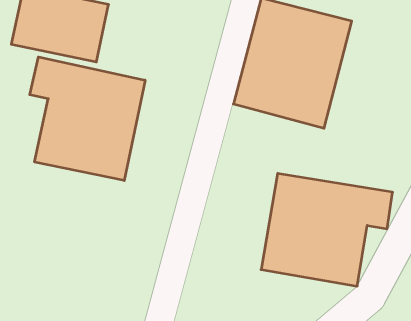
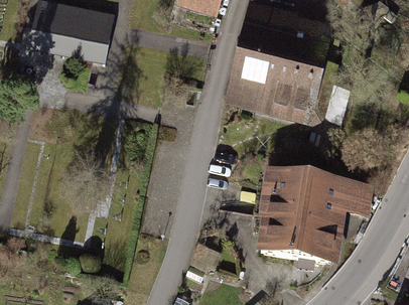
building: [30,57,145,181] -> none

